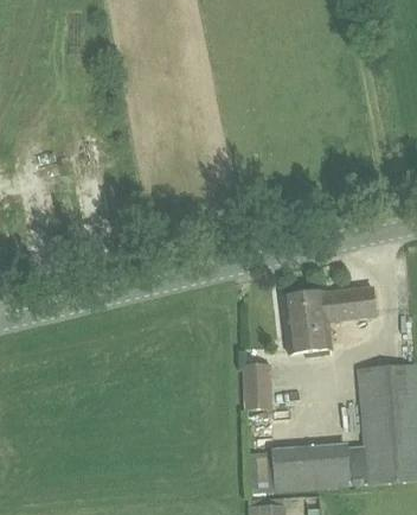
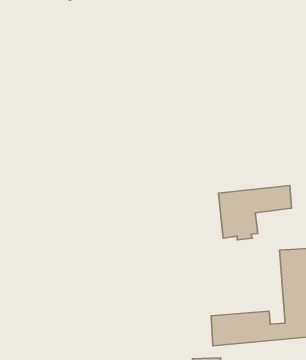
building: [243,364,270,408] -> none

